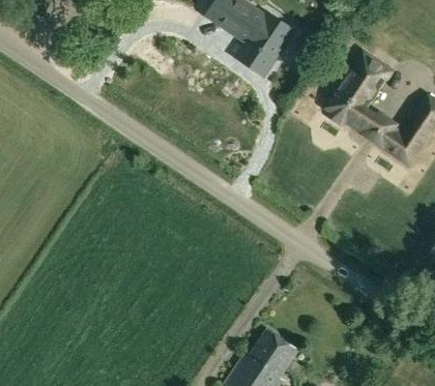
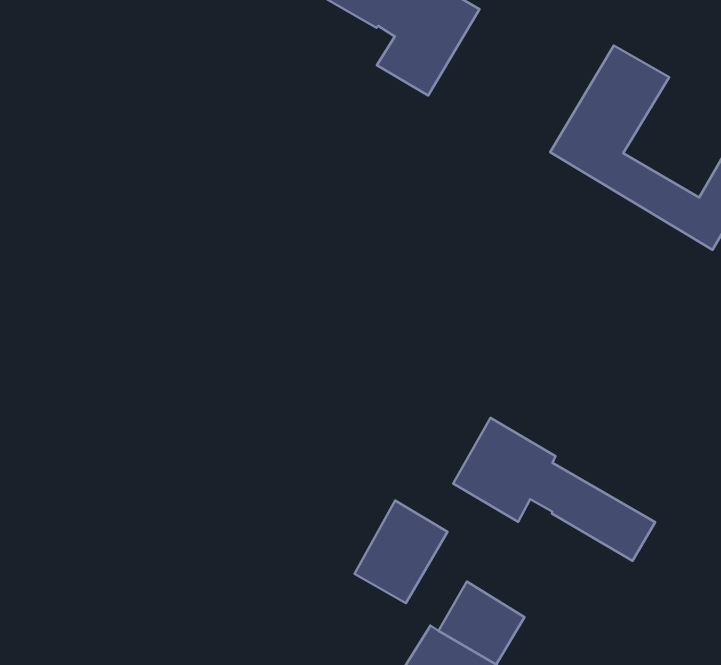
building: none -> [453,418,655,561]
building: none -> [354,501,447,603]

